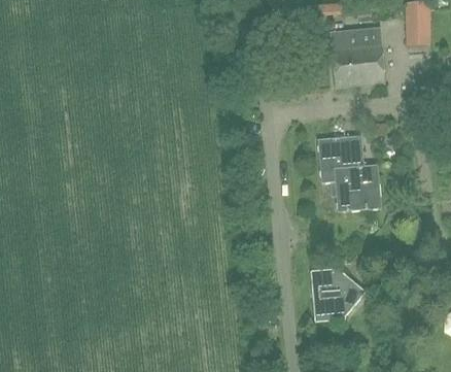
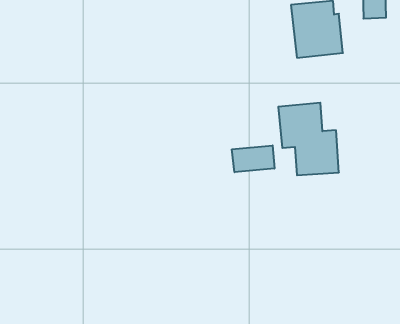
building: none -> [232,145,274,172]
building: [311,266,366,319] -> none

